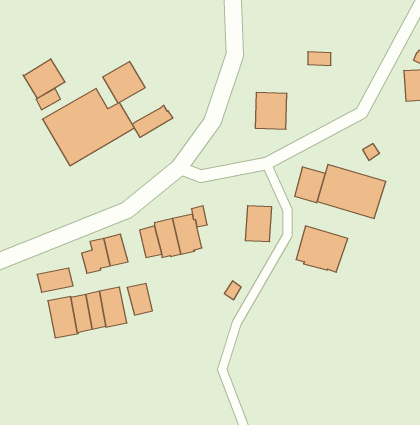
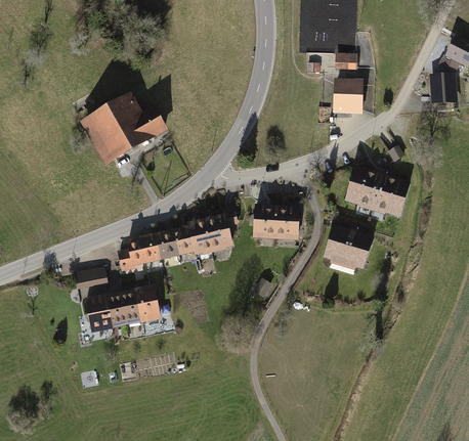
building: [23,59,65,98] -> none
building: [103,61,145,103] -> none
building: [255,92,287,129] -> [333,78,364,114]
building: [132,105,173,137] -> none
building: [295,167,325,203] -> none
building: none -> [252,205,276,239]
building: [127,283,152,315] -> [154,229,178,260]

